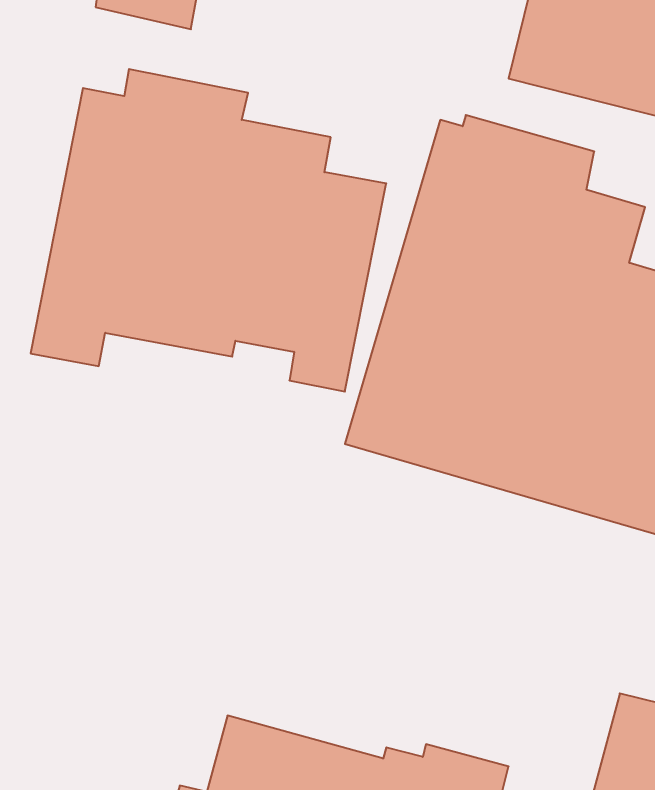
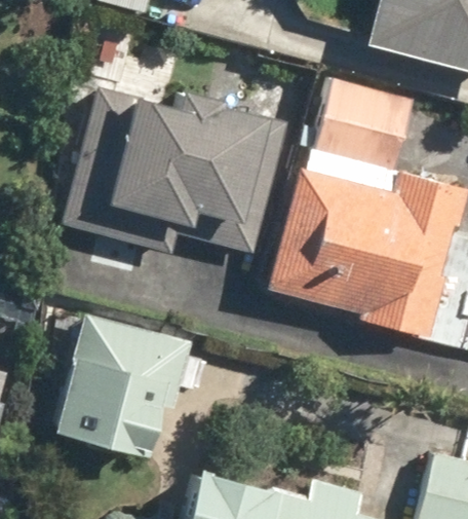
building: none -> [49,319,197,469]

